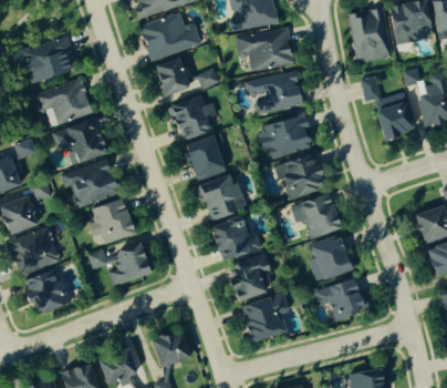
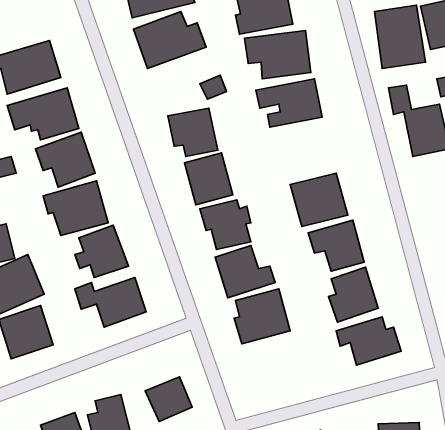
building: [153,57,190,96] -> none
building: [259,115,312,160] -> none
building: [240,293,290,343] -> none

